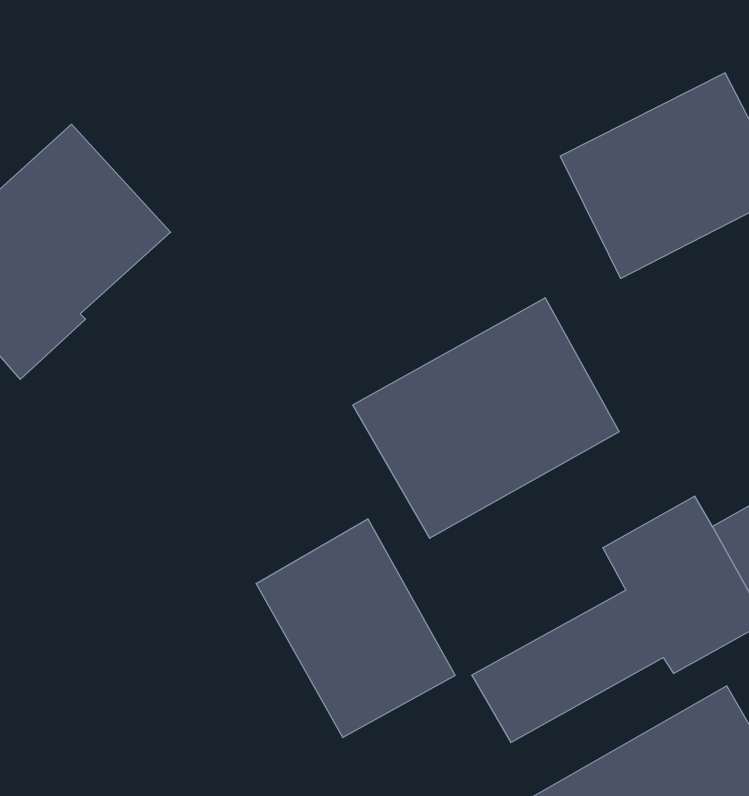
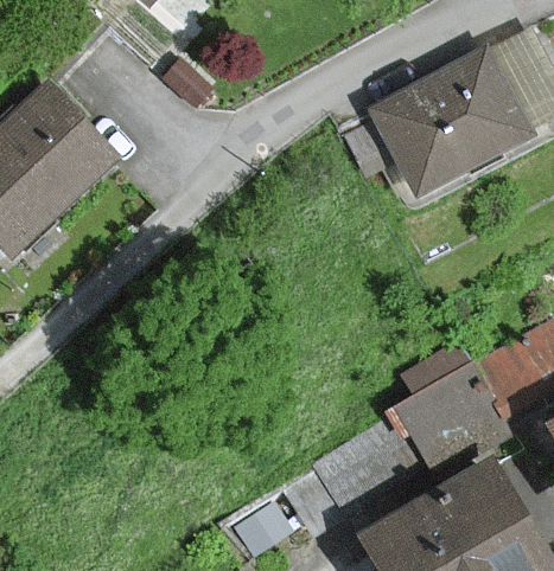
building: [353,298,619,538] -> none
building: [256,519,455,738] -> none

